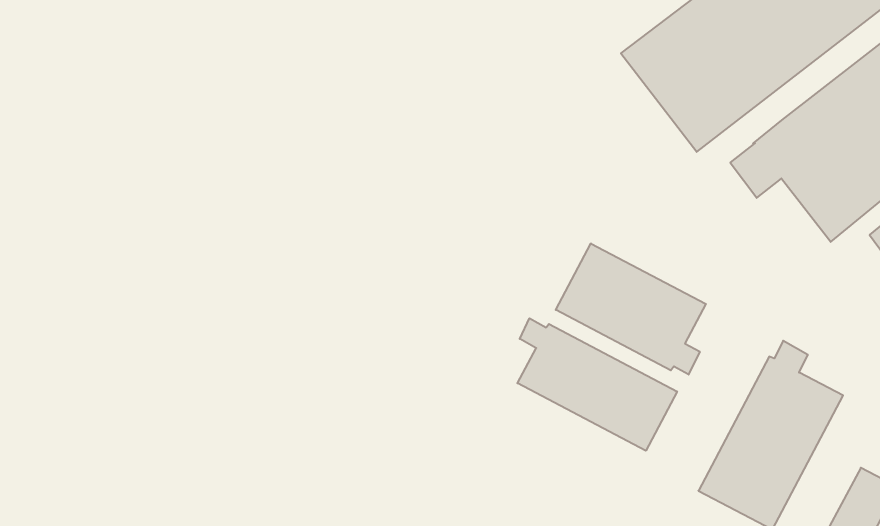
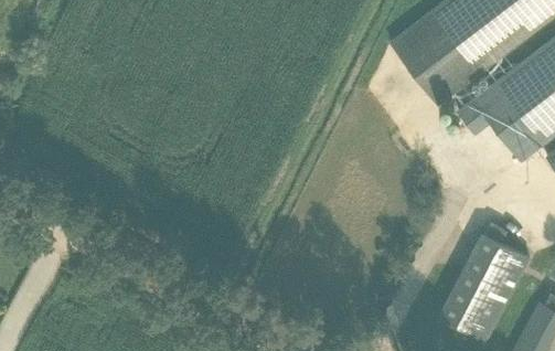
building: [556,243,706,375] -> none
building: [517,318,677,451] -> none

